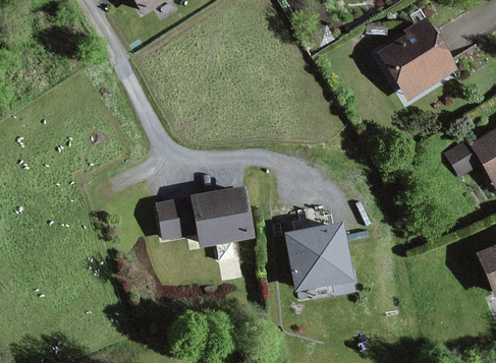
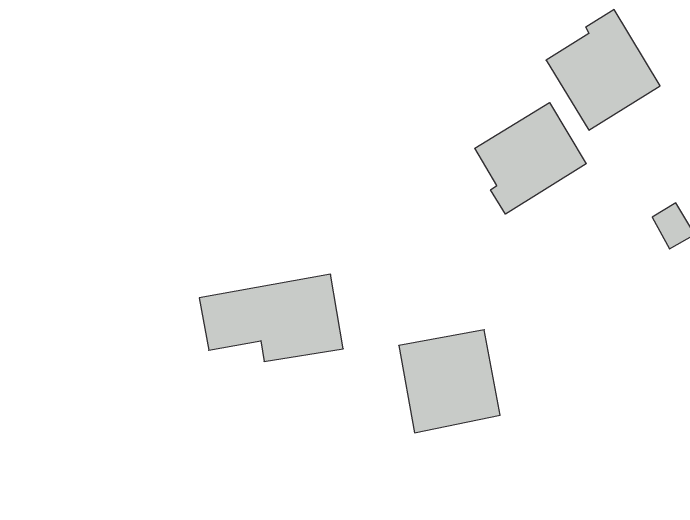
building: none -> [475,103,586,214]

